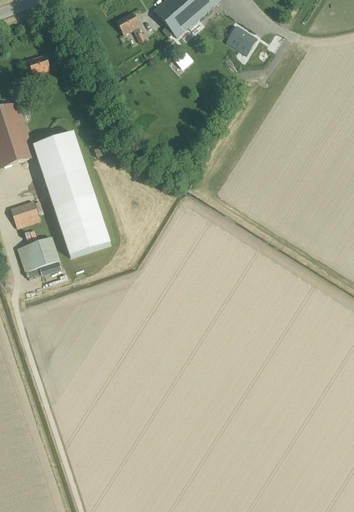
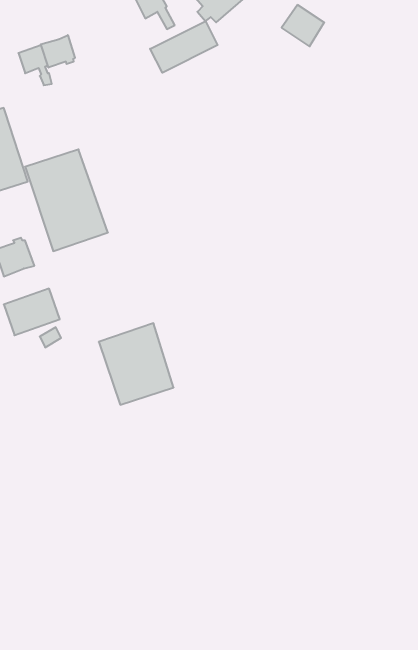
building: none -> [150,21,218,73]
building: none -> [41,35,75,68]
building: [54,194,110,255] -> [99,323,174,405]

